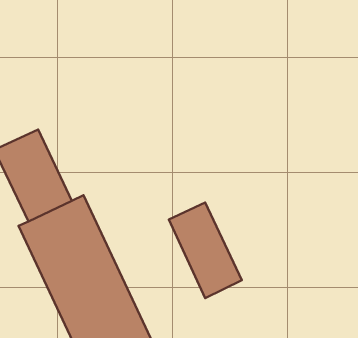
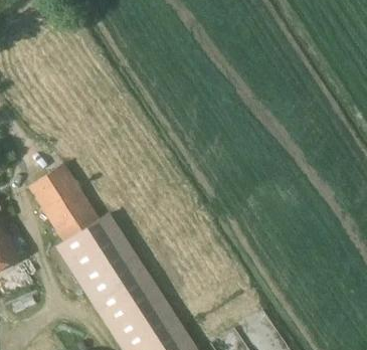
building: [169,203,242,298] -> none

